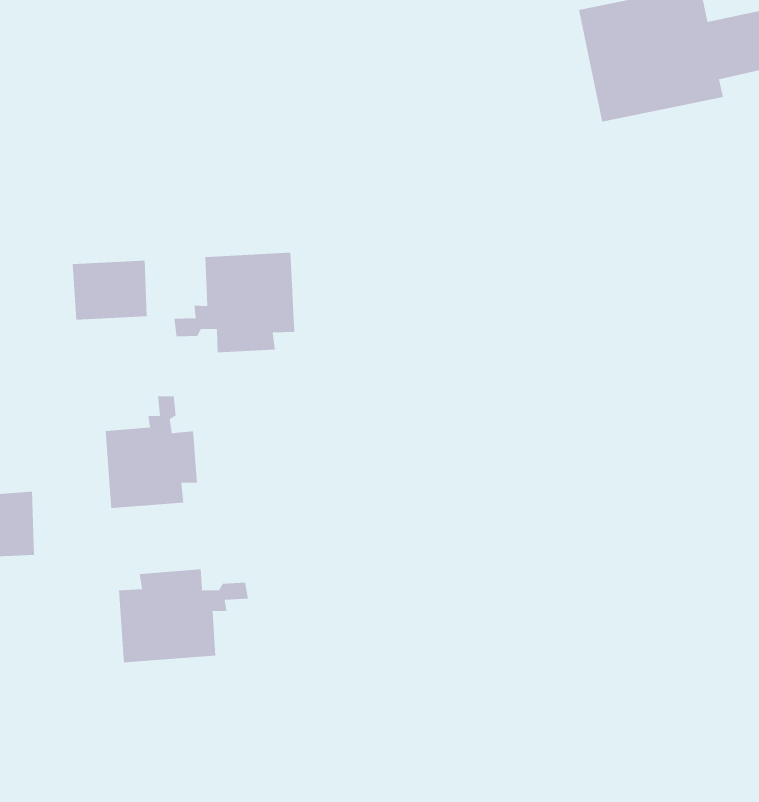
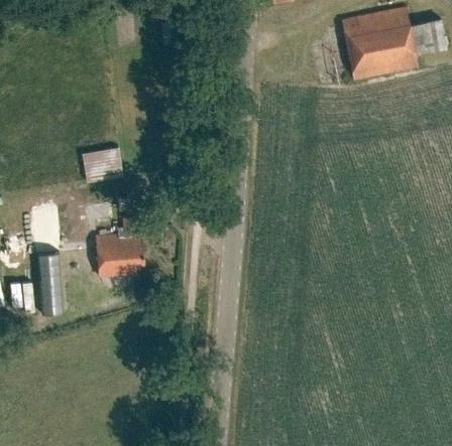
building: [174,252,295,353] -> none
building: [118,569,248,663] -> none

